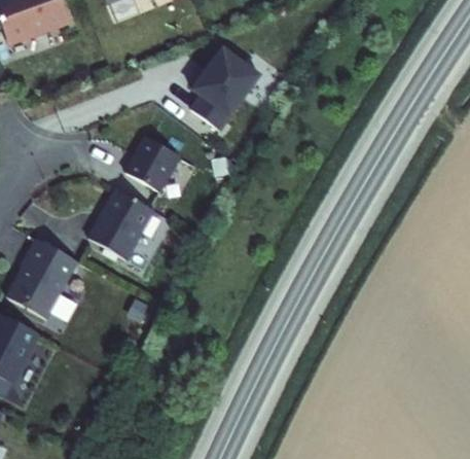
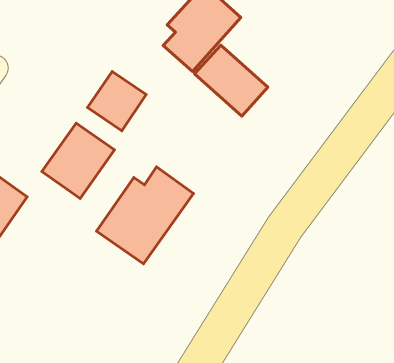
building: none -> [195,45,268,116]
building: none -> [97,167,193,264]

